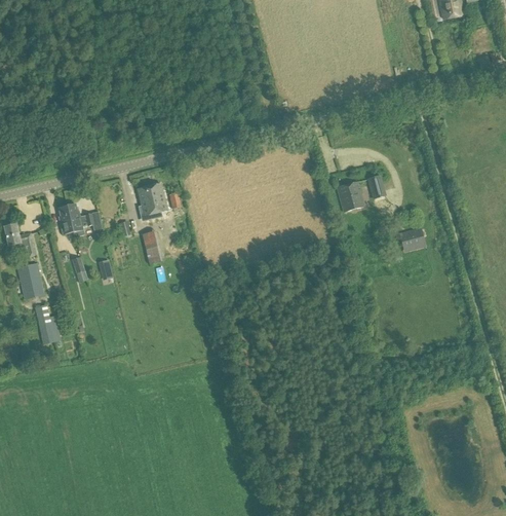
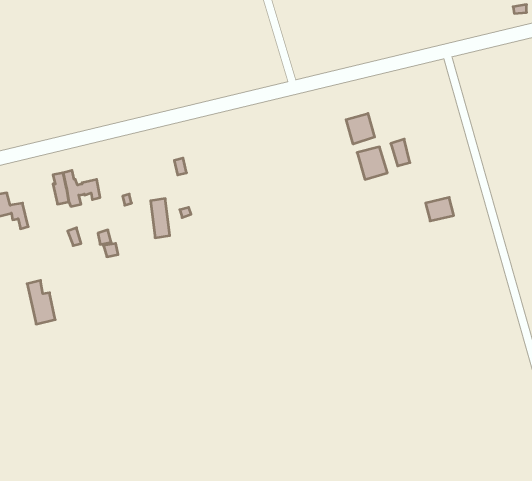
building: none -> [346,113,375,144]
building: [133,183,165,214] -> none
building: [16,261,43,298] -> none

